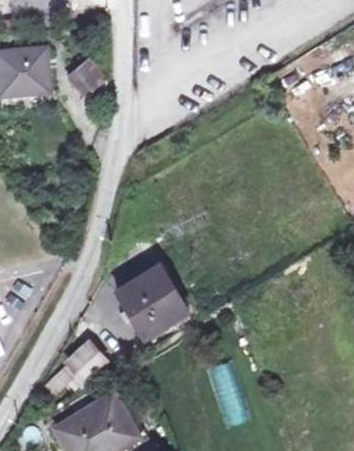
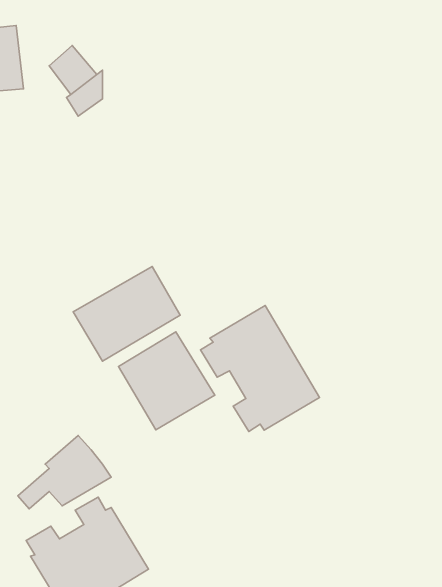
building: none -> [73,266,180,361]
building: none -> [200,305,319,431]

